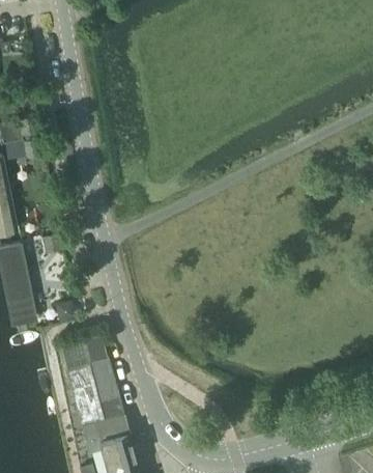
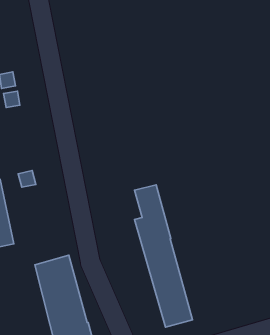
building: none -> [134,185,193,327]

